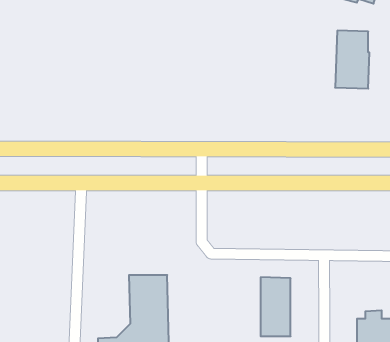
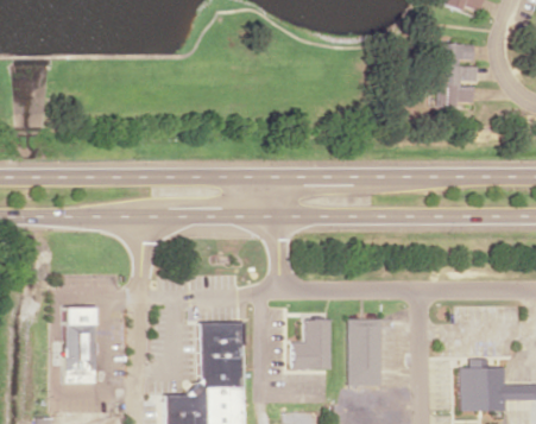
building: none -> [63,304,93,379]
building: none -> [295,322,333,371]

